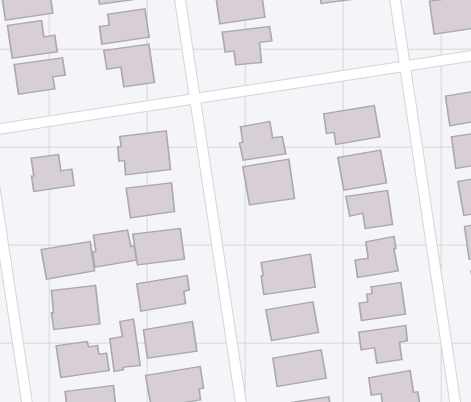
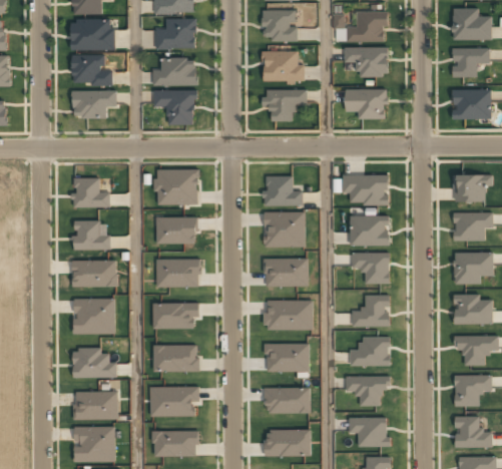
building: none -> [345,89,386,117]
building: none -> [265,258,309,287]
building: [93,230,136,267] -> [73,221,111,251]
building: [110,319,140,371] -> none

